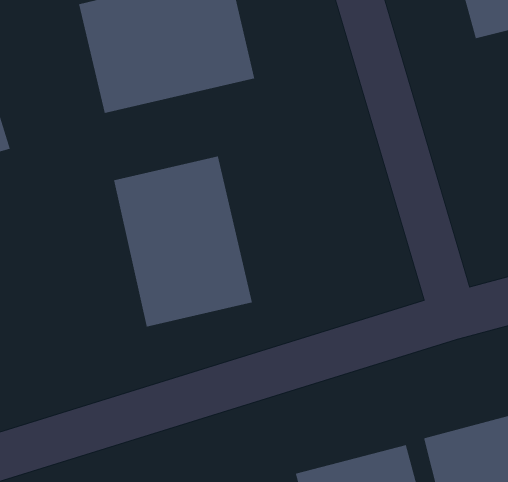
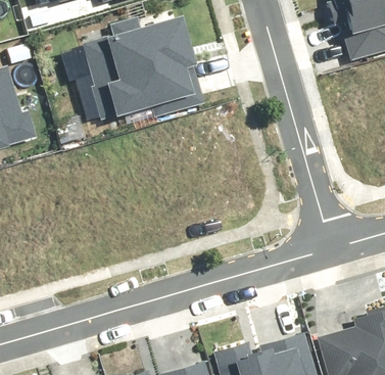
building: [113,156,253,328] -> none

